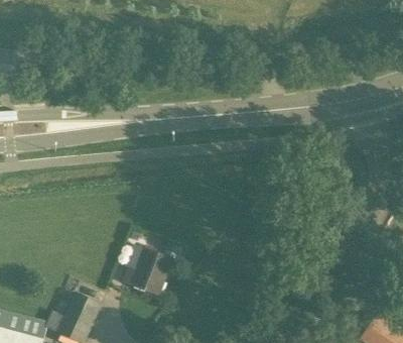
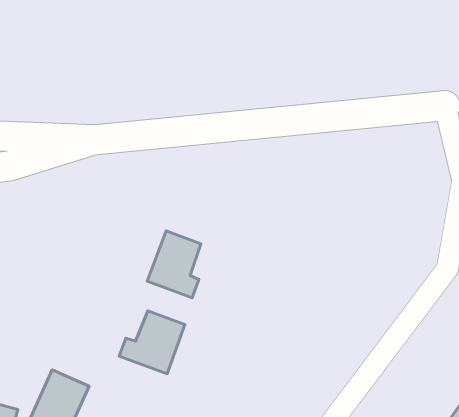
building: none -> [147,231,201,298]

